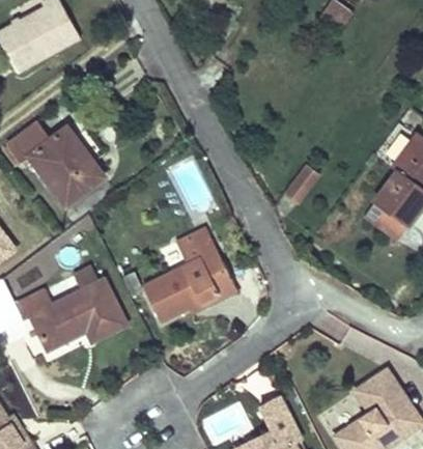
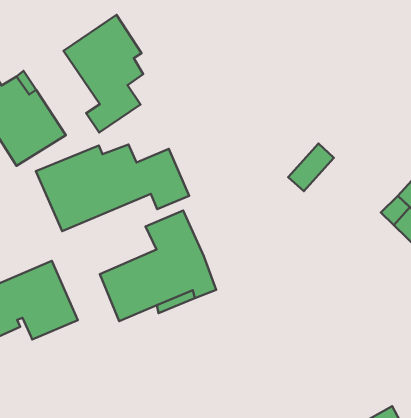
building: none -> [64,15,143,132]
building: none -> [36,144,189,231]

